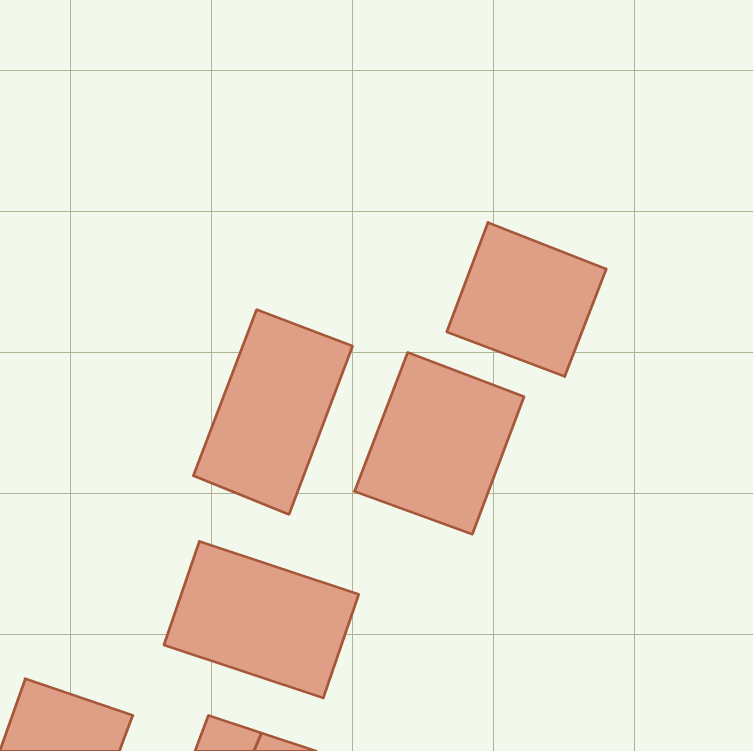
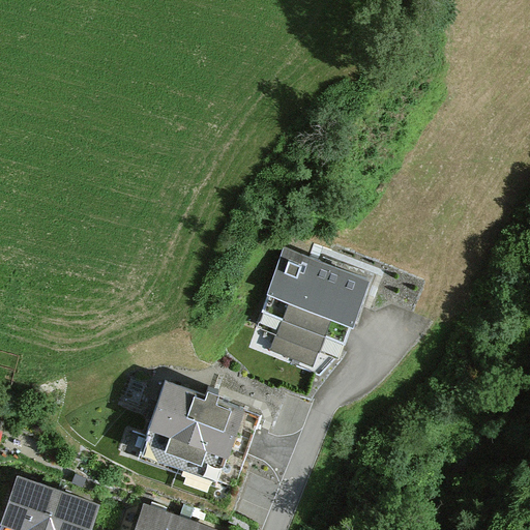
building: [447,222,606,377] -> none
building: [193,310,352,514] -> none

